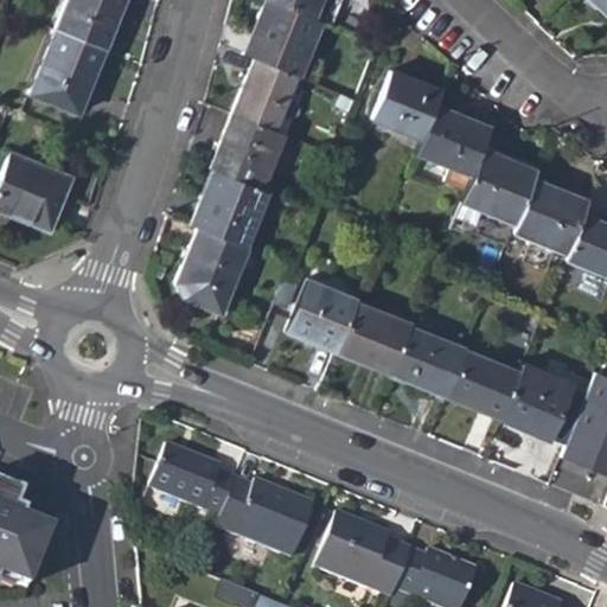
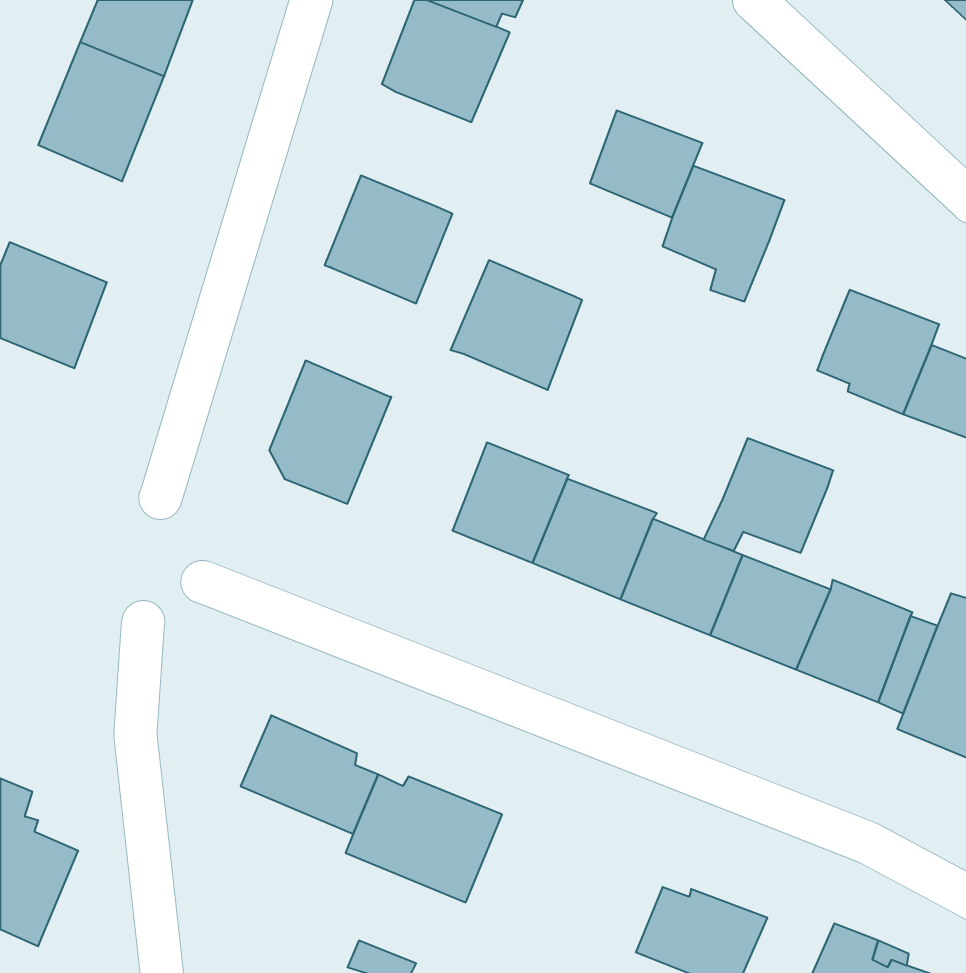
building: [230,58,299,129] -> none
building: [456,151,537,222] -> [703,438,833,553]
building: [187,167,269,248] -> [450,260,582,390]
building: [321,515,417,601] -> none

